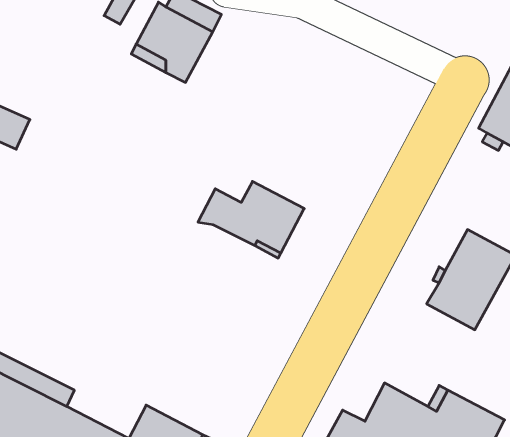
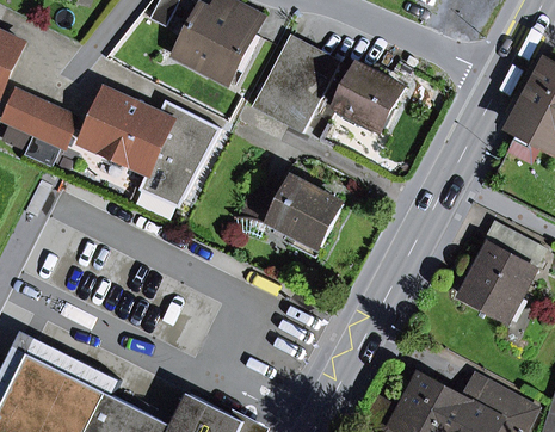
building: none -> [251,39,335,132]
building: none -> [334,64,403,130]
building: none -> [81,91,217,209]

